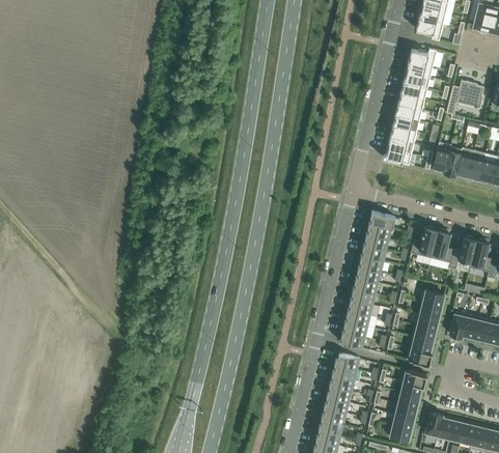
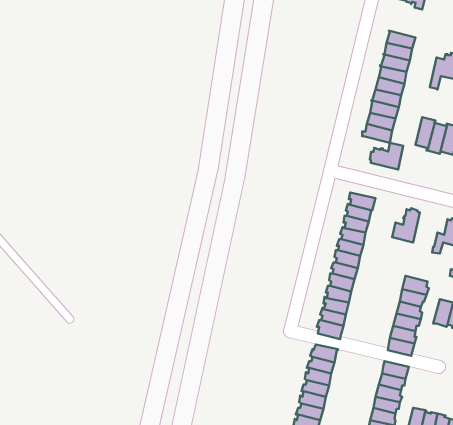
building: [408,50,443,68] -> none
building: none -> [370,143,403,170]
building: [431,230,453,263] -> none

